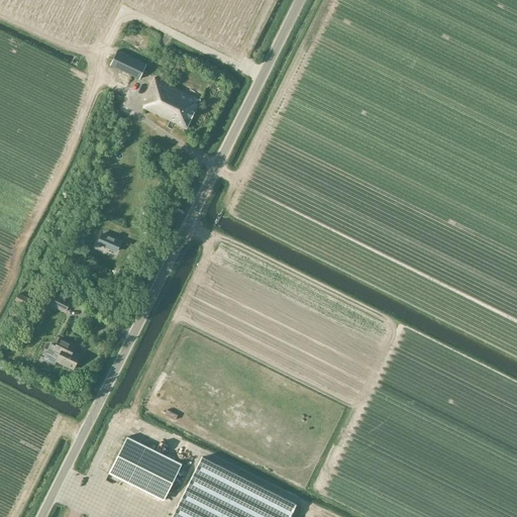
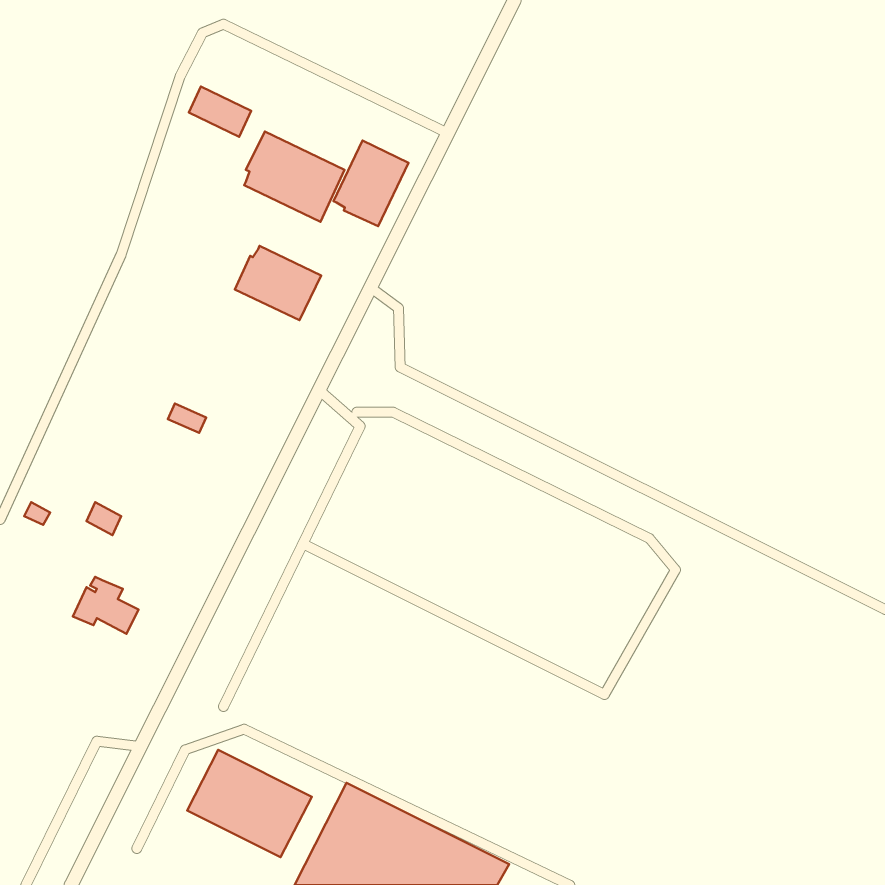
building: none -> [333,141,408,226]
building: none -> [235,246,321,320]

